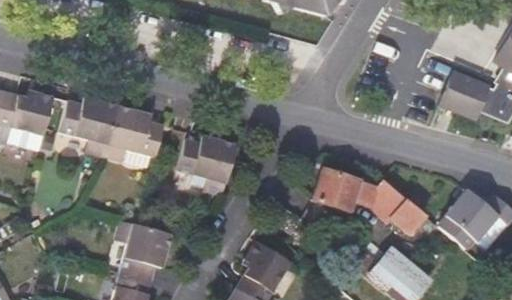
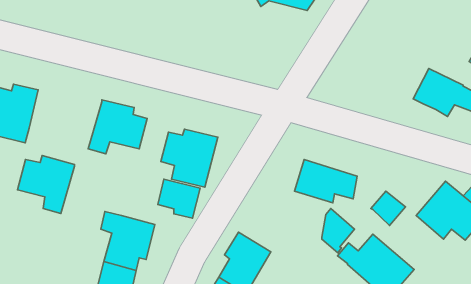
building: [59,97,117,156] -> [17,156,74,213]
building: [373,178,406,223] -> [322,209,354,253]
building: none -> [158,179,200,218]

